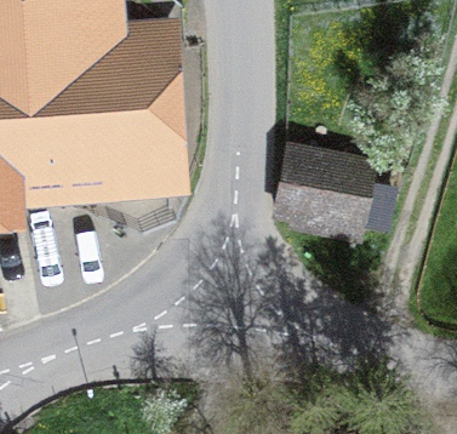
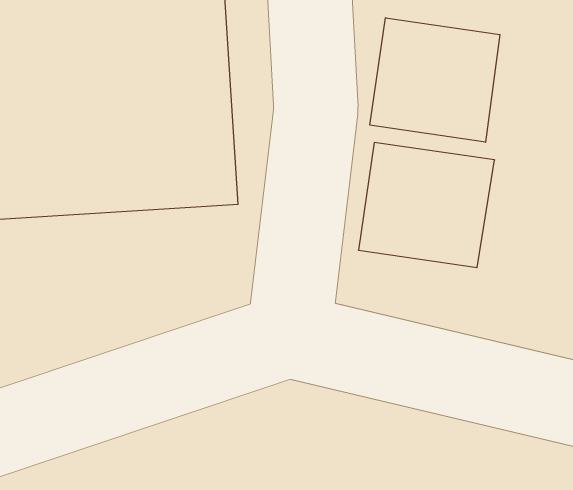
building: none -> [370,18,500,142]

